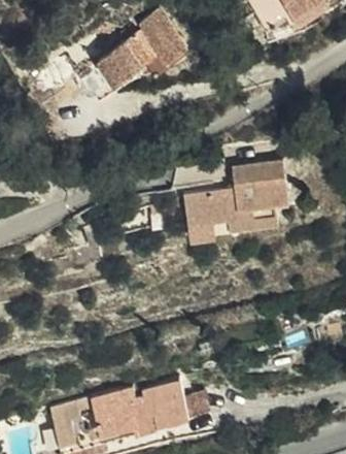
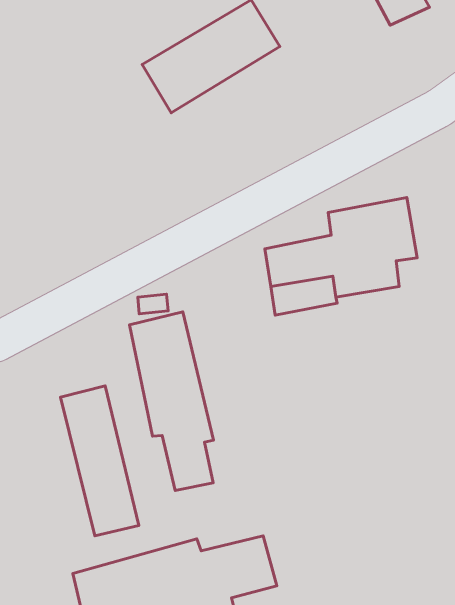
building: none -> [130,312,214,490]
building: none -> [61,386,139,536]

